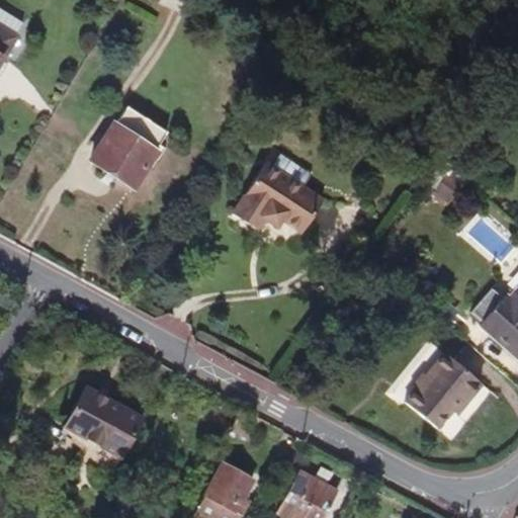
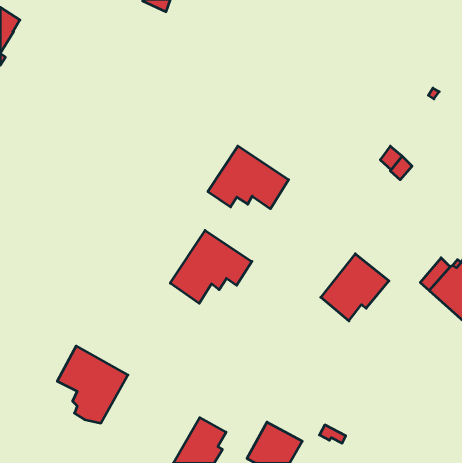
building: [92,105,169,187] -> none
building: none -> [170,230,252,303]
building: [407,353,483,428] -> [321,254,389,321]

